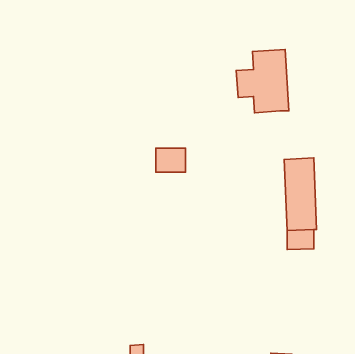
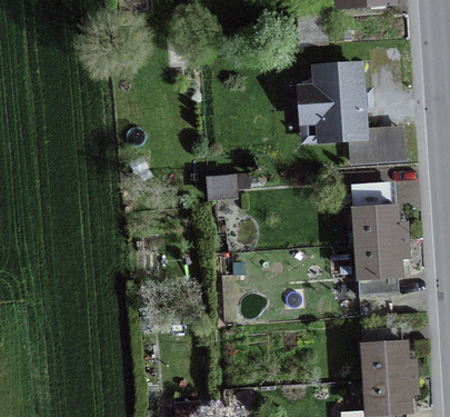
building: none -> [353,130,402,158]
building: none -> [363,340,413,407]

